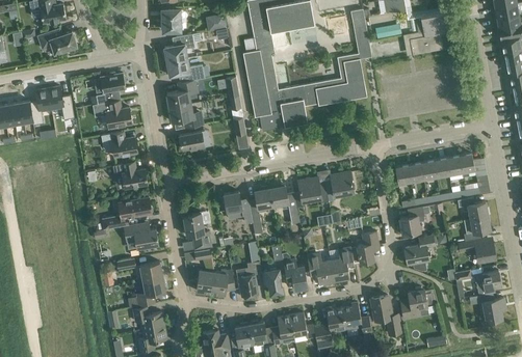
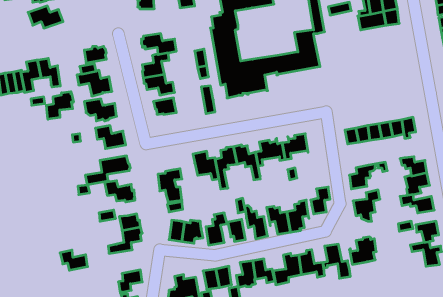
building: [162,32,201,61] -> none
building: none -> [46,92,73,119]
building: [133,306,164,329] -> [60,250,88,270]

